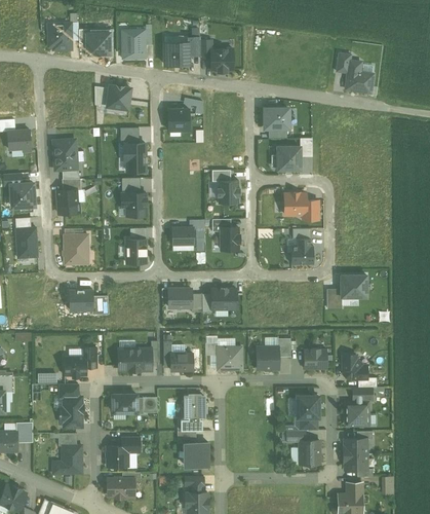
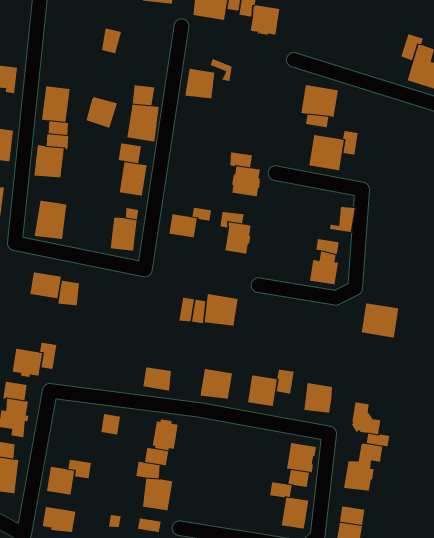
building: [107,85,130,109] -> [86,96,118,129]
building: [283,191,308,215] -> none
building: [167,288,192,308] -> none
building: [119,350,152,371] -> none
building: [112,395,144,414] -> none

